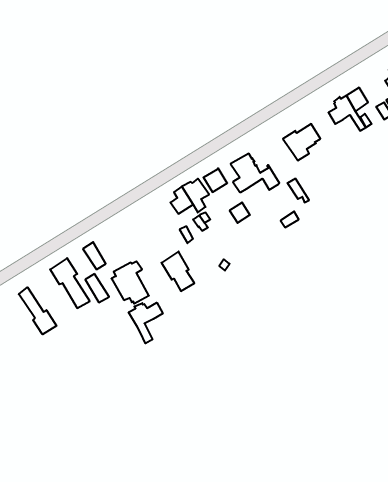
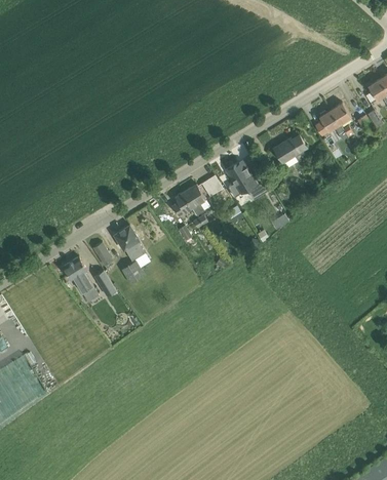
building: [161,251,194,291] -> [114,225,144,261]
building: [19,287,56,334] -> none
building: [129,303,163,343] -> none

